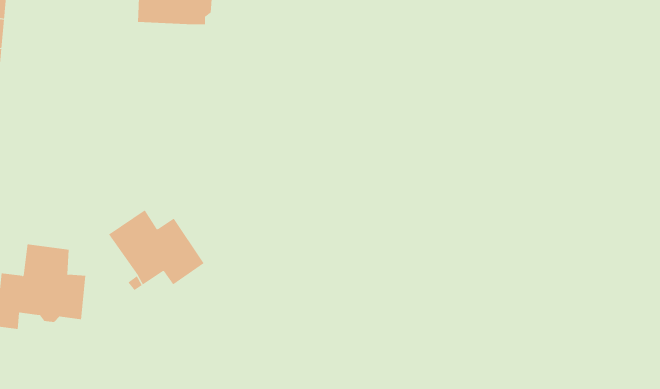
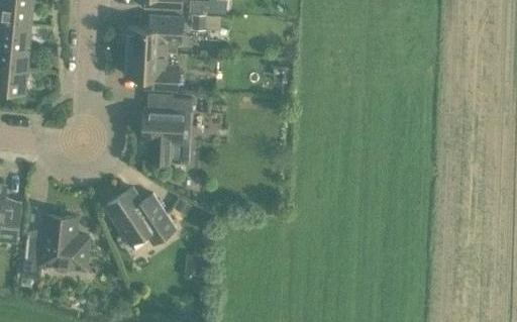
building: none -> [125,49,179,89]
building: none -> [141,96,193,160]

